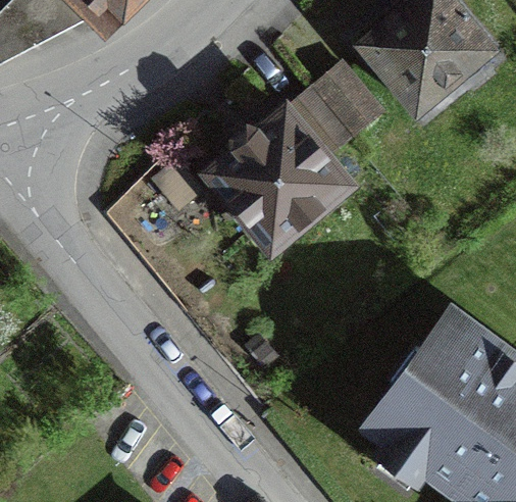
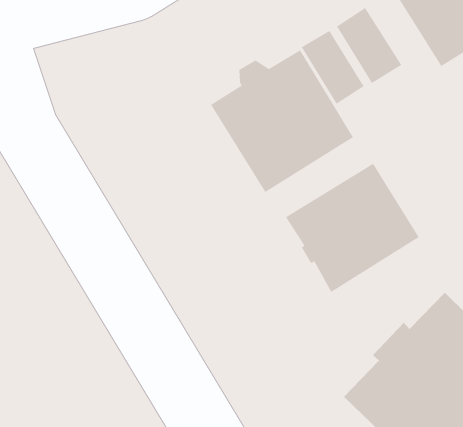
building: none -> [285,163,420,293]

